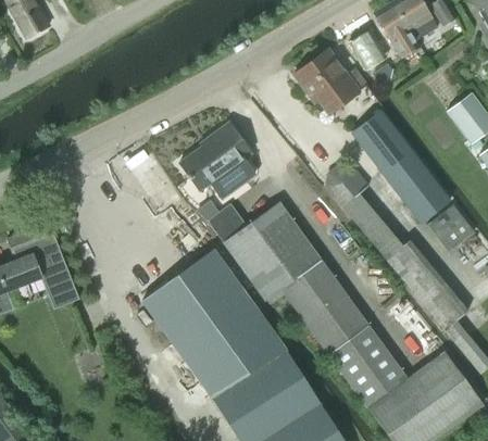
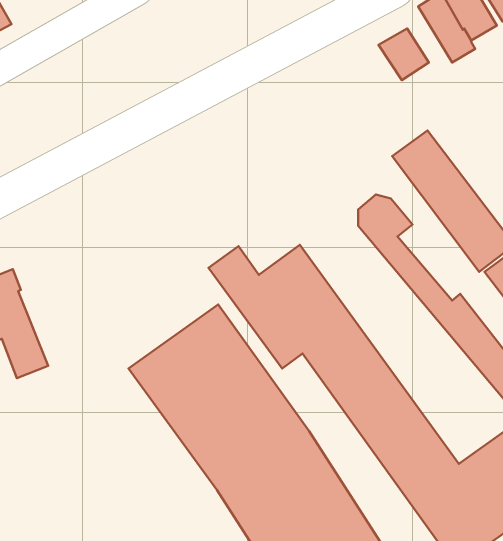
building: [295,48,366,113] -> none
building: [179,122,254,198] -> none

